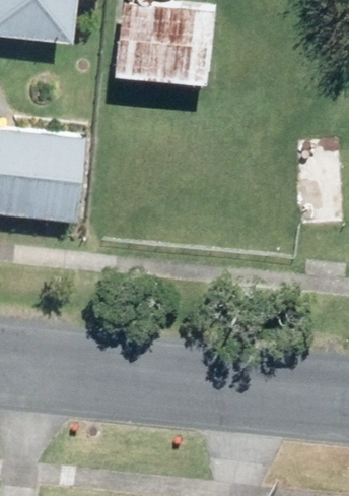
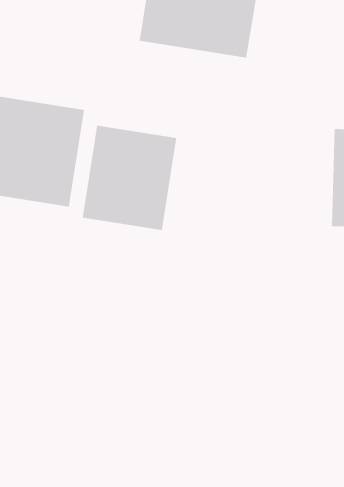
building: none -> [82,125,177,231]

